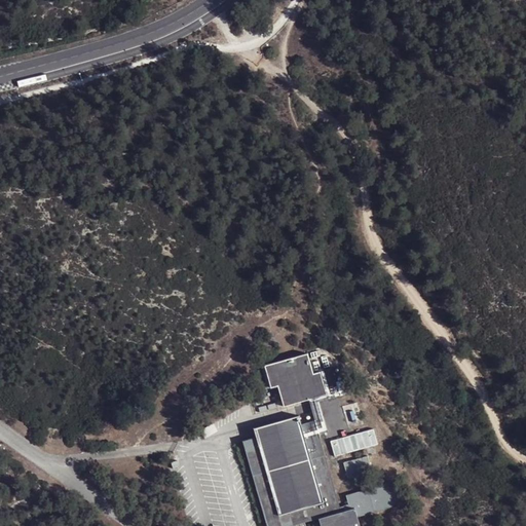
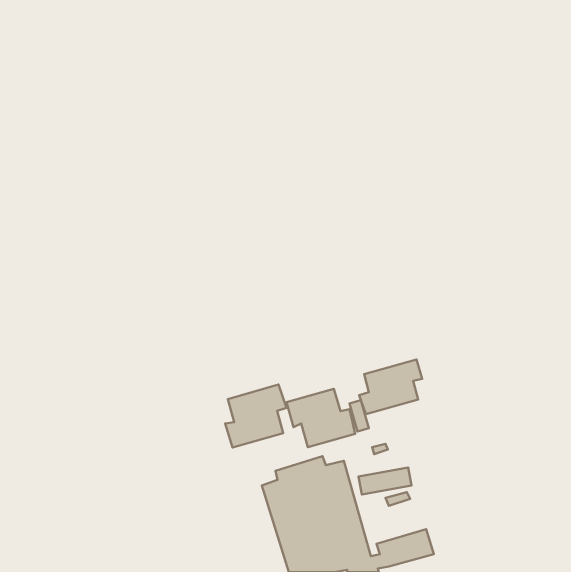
building: none -> [359,360,422,414]
building: none -> [225,385,287,448]

